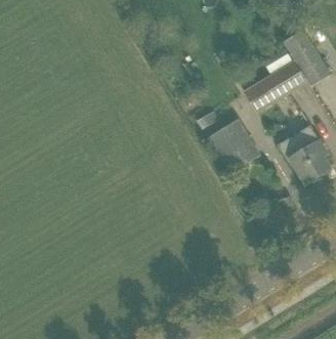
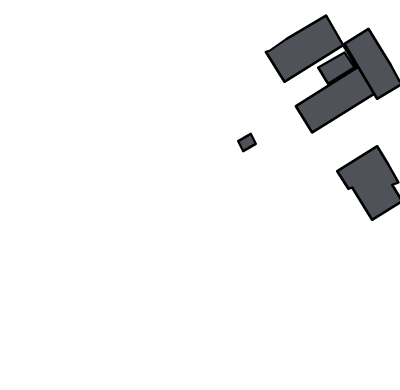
building: none -> [266,16,343,82]
building: [206,116,260,172] -> none

